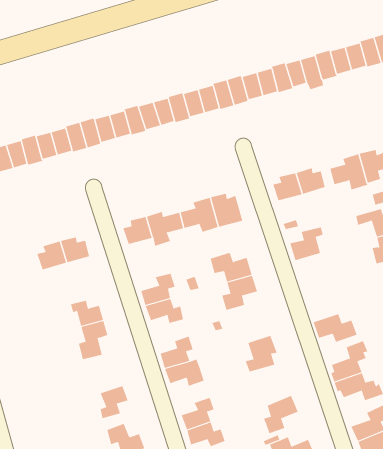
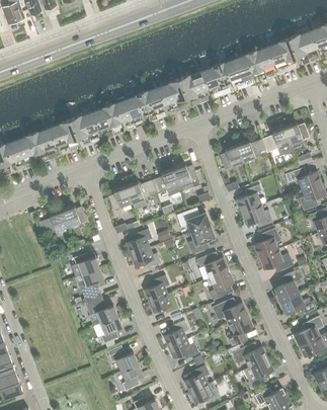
building: none -> [241,202,272,227]
building: none -> [253,228,279,257]
building: none -> [196,251,227,276]
building: none -> [85,296,117,323]
building: none -> [212,297,246,323]

